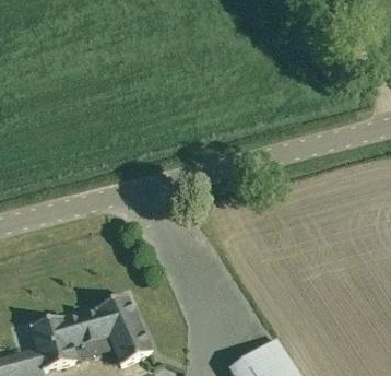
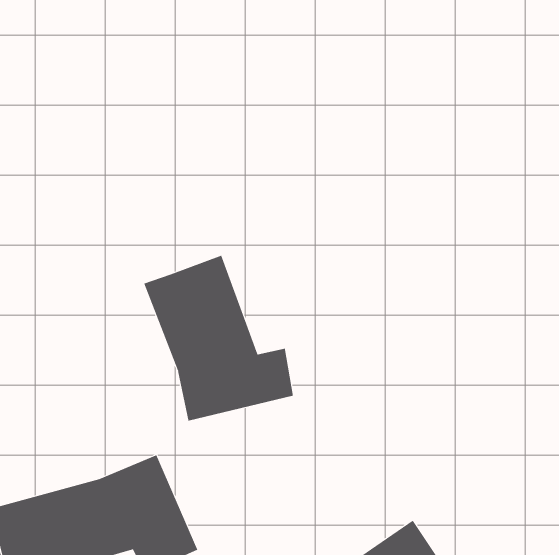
building: none -> [144,255,294,422]

